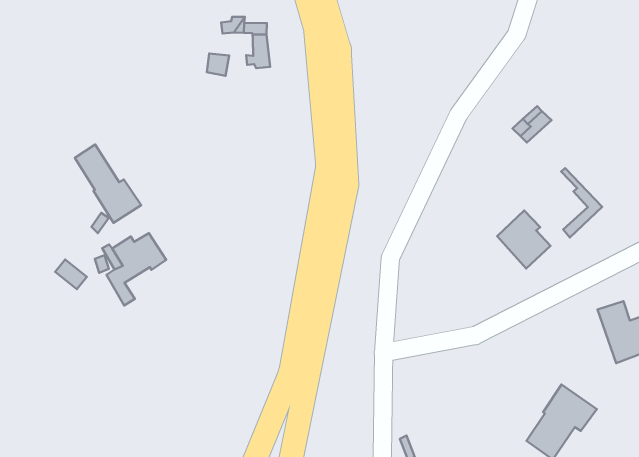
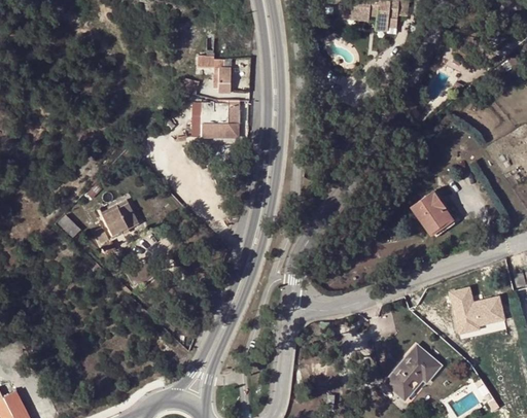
building: none -> [191,99,238,139]
building: [75,145,141,223] -> none
building: [497,211,551,269] -> [411,190,449,233]

